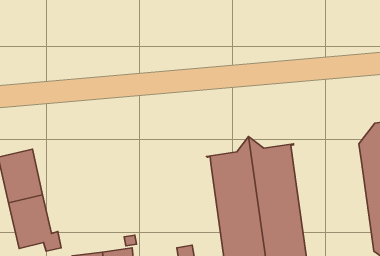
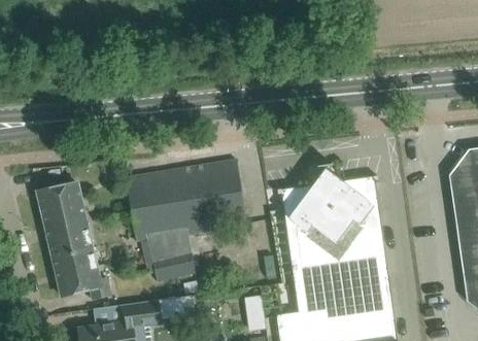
building: none -> [126,160,247,283]

